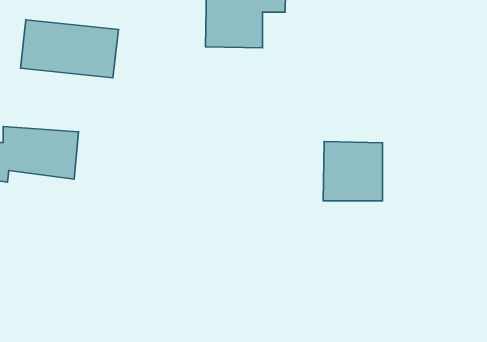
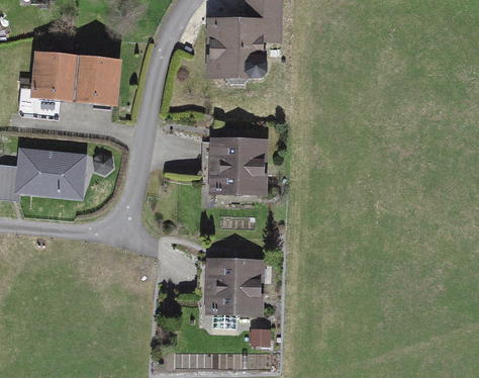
building: [323,142,382,201] -> [210,137,266,193]
building: none -> [199,260,262,314]

